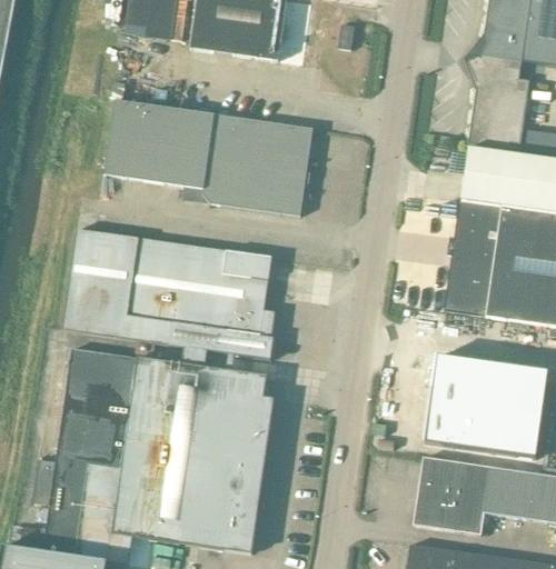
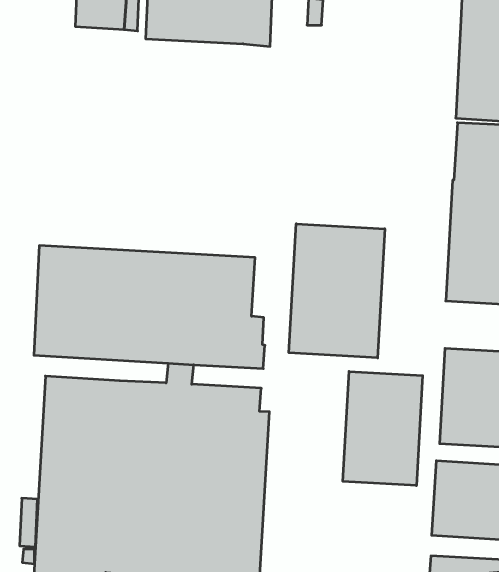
building: [103,99,312,216] -> none
building: none -> [289,224,385,358]
building: none -> [343,371,423,486]

